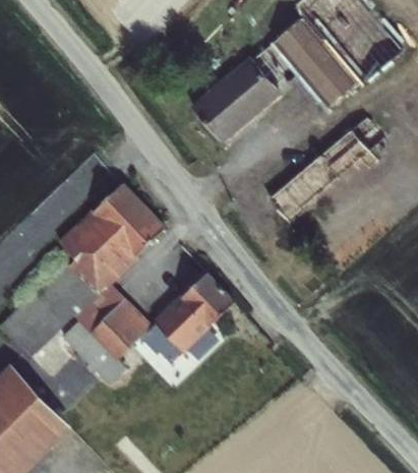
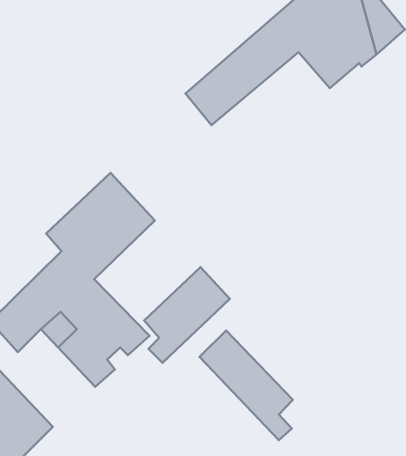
building: [267,115,385,220] -> none
building: none -> [199,331,293,440]

